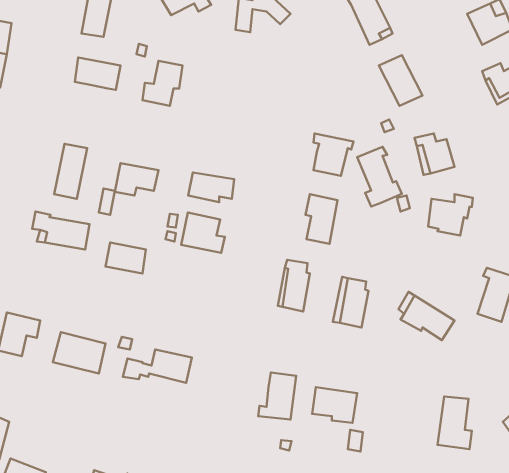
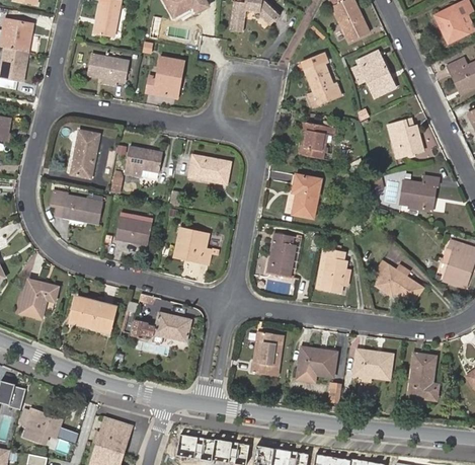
building: [357,147,402,206] -> [302,54,341,106]
building: [181,213,225,253] -> [173,228,212,263]
building: none -> [354,348,394,379]

